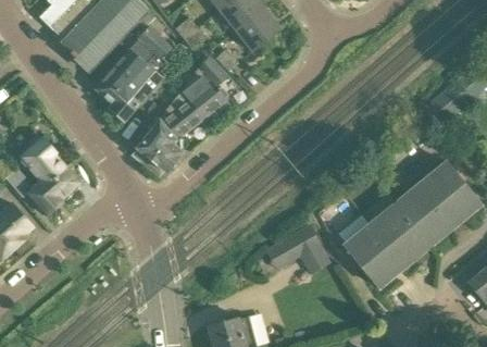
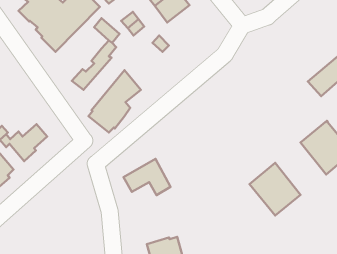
building: [236,9,282,52] -> none
building: [96,49,149,109] -> none
building: [179,58,232,128] -> none
building: [22,134,63,183] -> none
building: [378,190,446,260] -> none
building: [269,223,330,271] -> [124,159,170,195]

